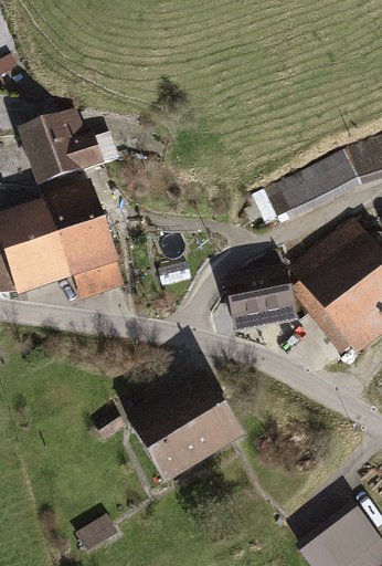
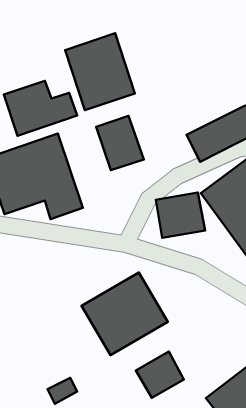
building: none -> [65,33,135,110]
building: none -> [96,116,144,170]
building: none -> [136,352,184,398]

